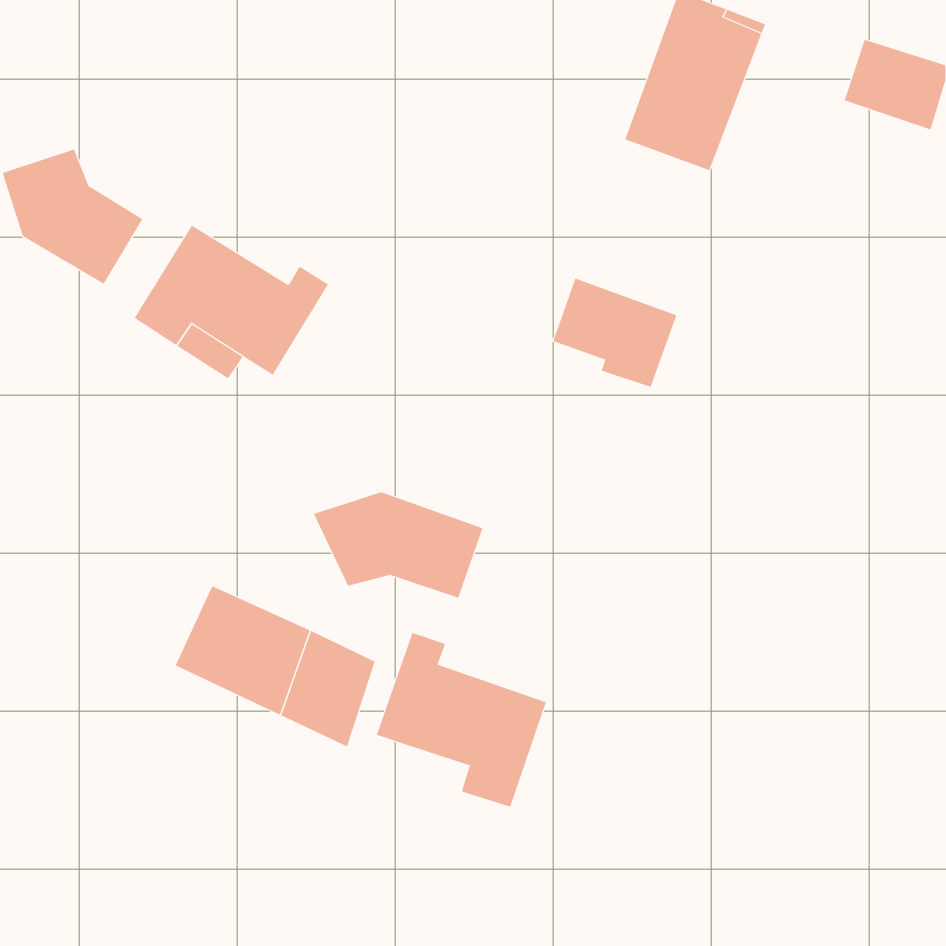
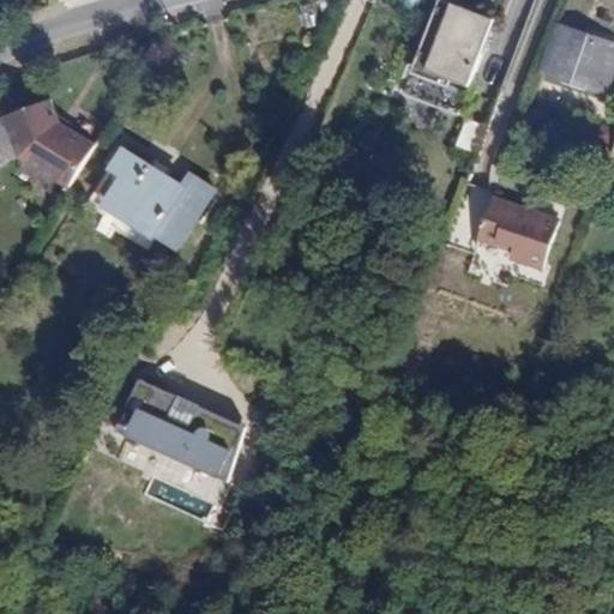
building: [553,278,677,388] -> [475,199,555,270]
building: [313,492,483,598] -> none
building: [376,632,547,807] -> none

